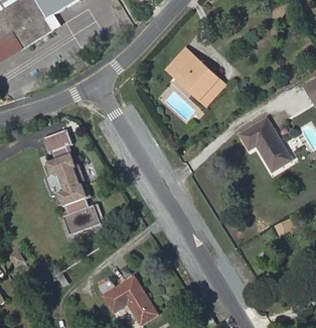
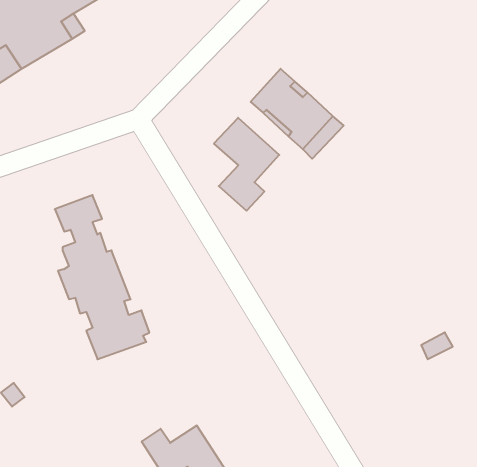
building: none -> [214,118,279,211]
building: [239,118,291,172] -> none

